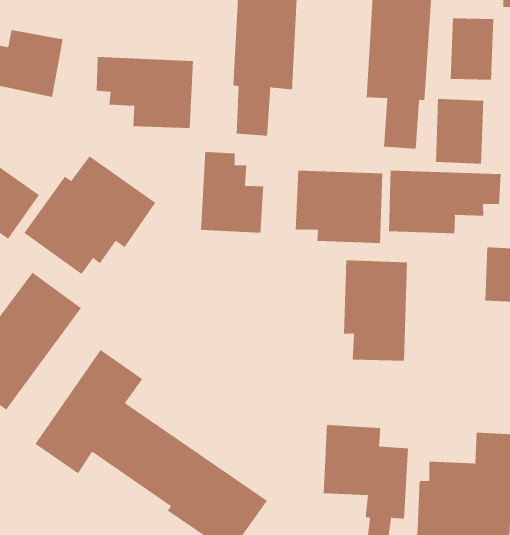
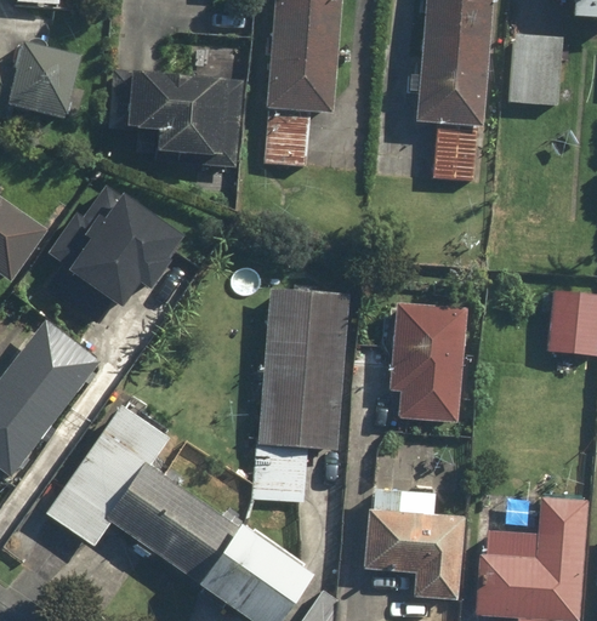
building: [435,98,484,164] -> none
building: [201,151,264,234] -> none
building: [389,170,501,234] -> none
building: [295,170,383,244] -> none
building: none -> [257,289,349,500]

